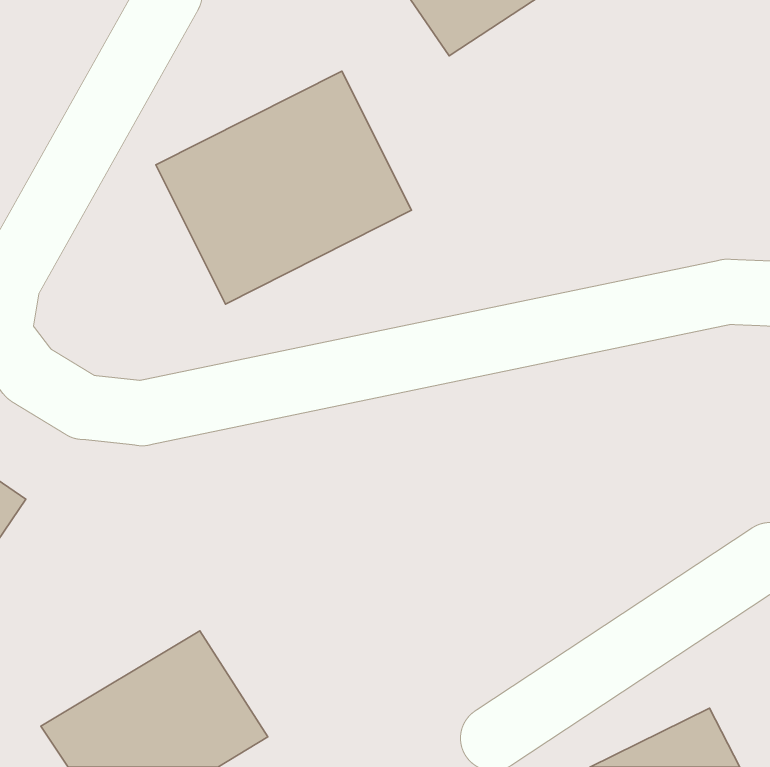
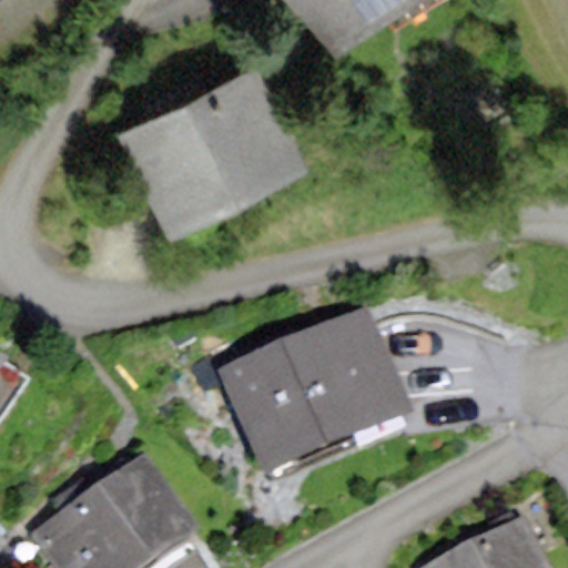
building: none -> [222,316,405,475]

